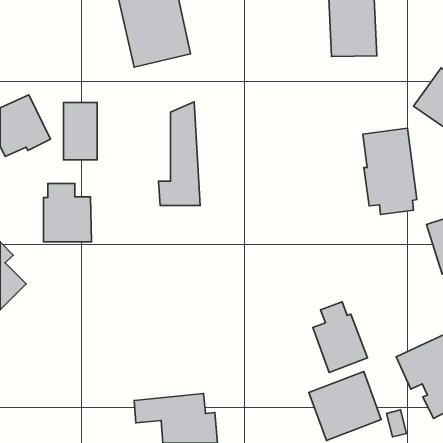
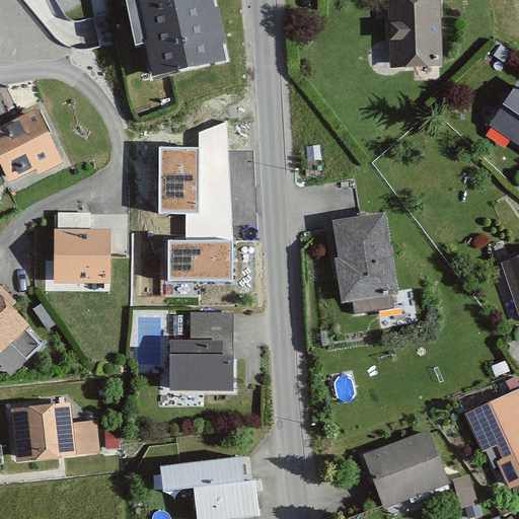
building: [63,102,97,160] -> [161,144,201,211]
building: [363,128,417,214] -> [332,212,395,312]
building: none -> [170,239,235,280]
building: none -> [168,313,231,388]
building: [313,302,367,372] -> none
building: none -> [11,403,95,460]

